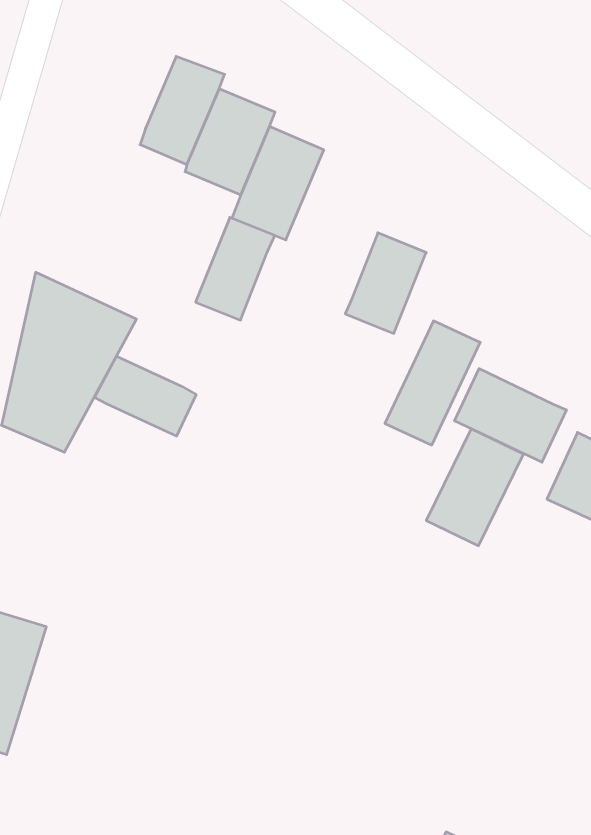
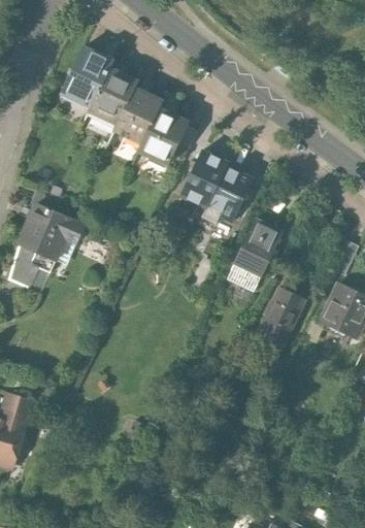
building: none -> [63,47,112,109]
building: [196,217,275,320] -> [182,150,228,208]
building: [95,356,196,436] -> none
building: [455,369,566,462] -> none

